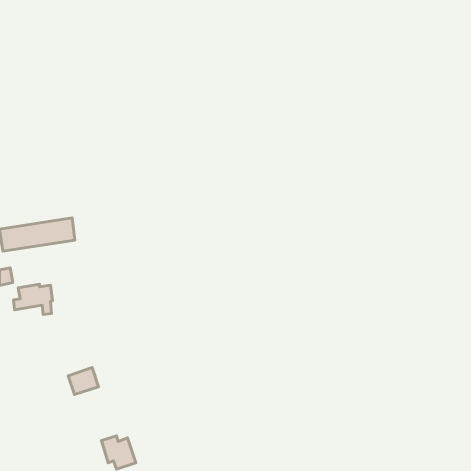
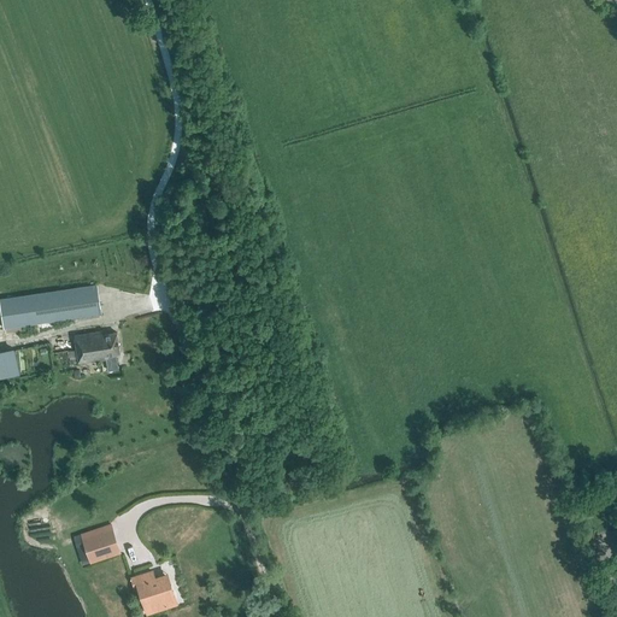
building: [14,284,52,315] -> [67,333,118,372]
building: [68,368,99,394] -> [81,529,121,564]

